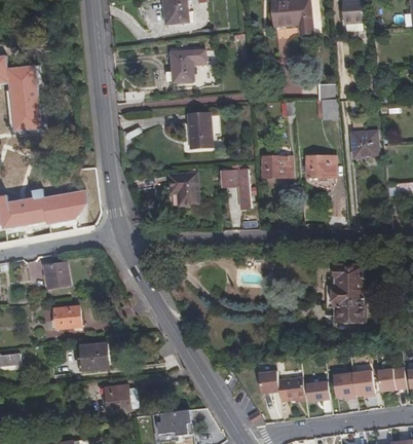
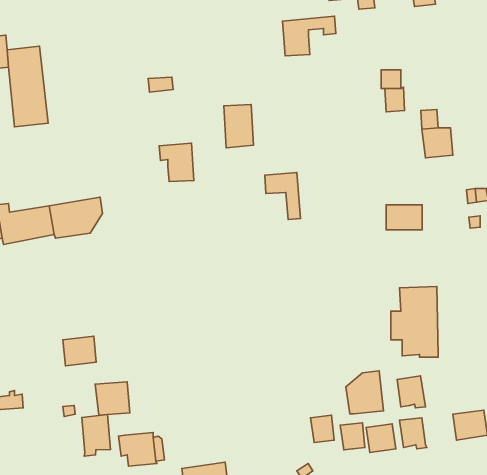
building: [171,49,215,82] -> [283,16,336,56]
building: [262,156,292,178] -> none
building: [306,156,336,177] -> [386,205,422,230]
building: [170,174,198,206] -> [159,143,194,182]
building: [44,262,70,289] -> none
building: none -> [346,371,384,414]
building: [351,370,375,397] -> [397,376,426,408]
building: none -> [82,415,110,456]

